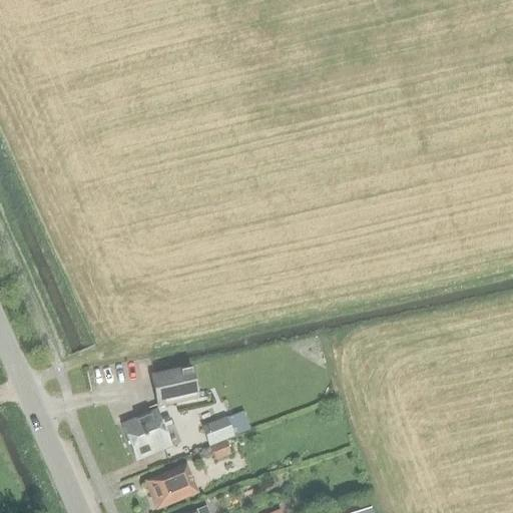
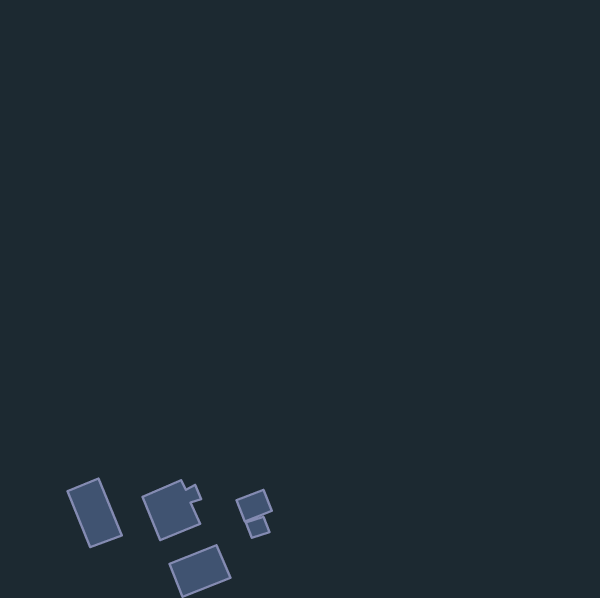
building: [151,365,197,405] -> none
building: none -> [68,479,122,547]

